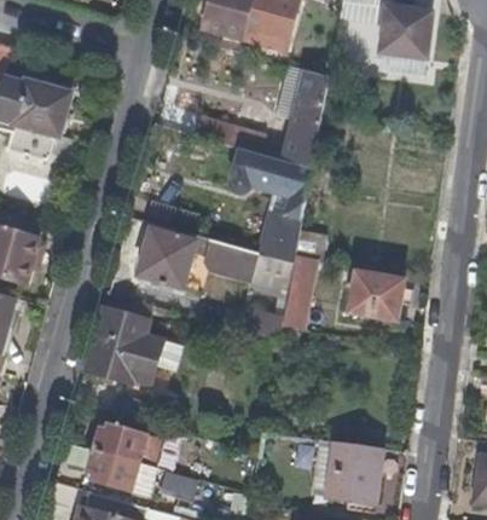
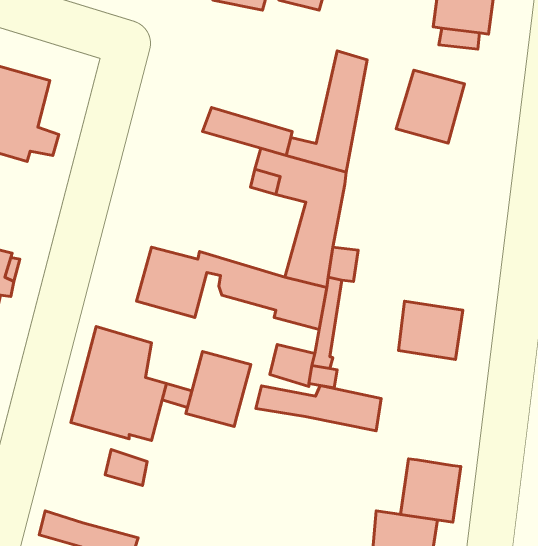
building: none -> [396,70,465,143]
building: none -> [186,351,251,426]
building: none -> [256,385,381,431]
building: none -> [400,459,461,522]
building: [95,423,147,463] -> none

